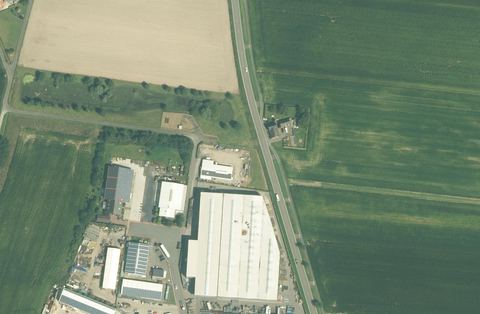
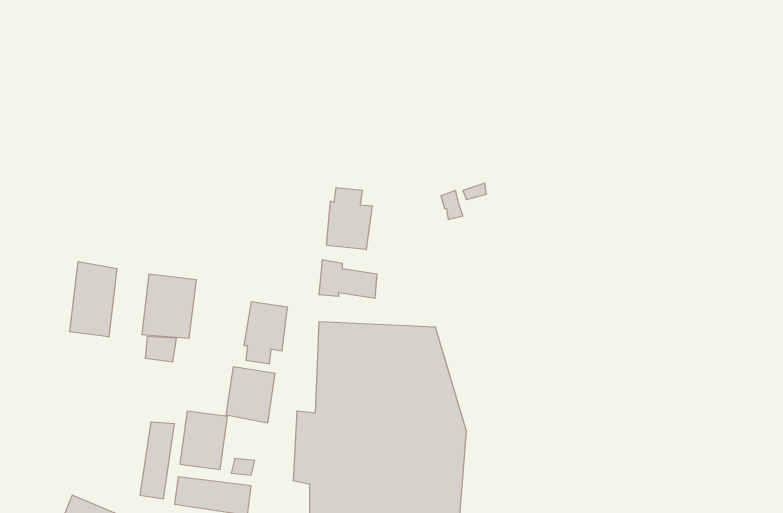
building: none -> [327,188,372,250]
building: none -> [70,261,117,337]
building: none -> [226,367,275,423]

